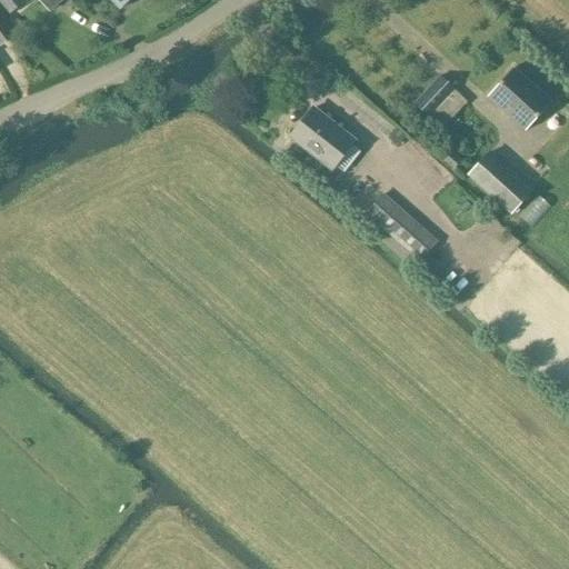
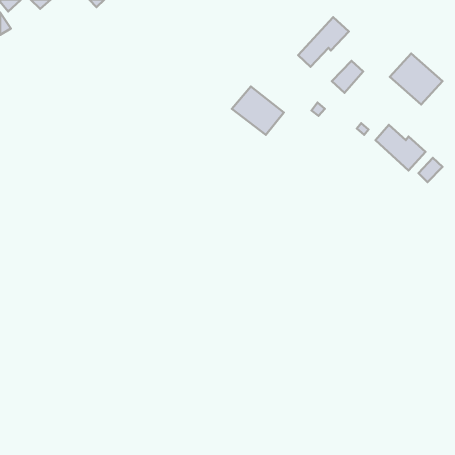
building: none -> [298,17,349,67]
building: [367,196,436,259] -> none

